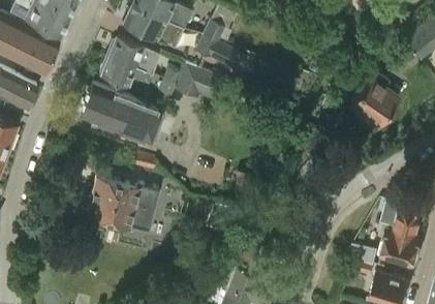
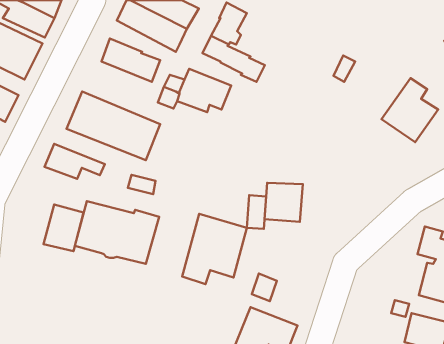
building: [100,58,152,88] -> [45,144,105,179]
building: none -> [265,183,303,222]
building: none -> [43,205,84,251]
building: none -> [182,214,247,284]

